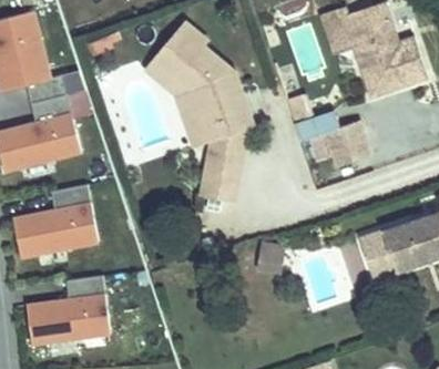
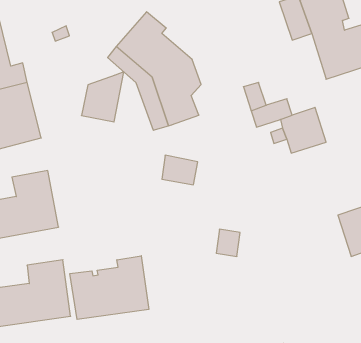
building: [206,125,249,176] -> [81,72,124,122]
building: [359,230,396,280] -> none
building: none -> [70,256,149,319]

